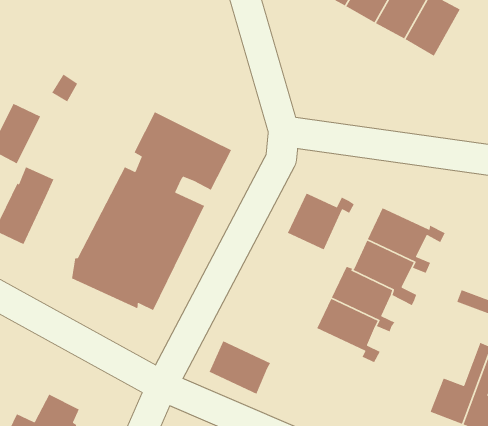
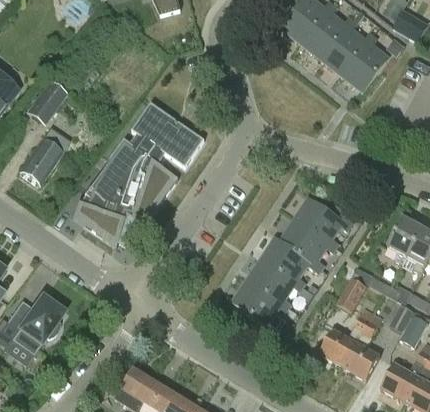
building: [287,192,355,251] -> none
building: none -> [336,277,367,313]
building: [209,340,271,395] -> [232,279,279,323]

